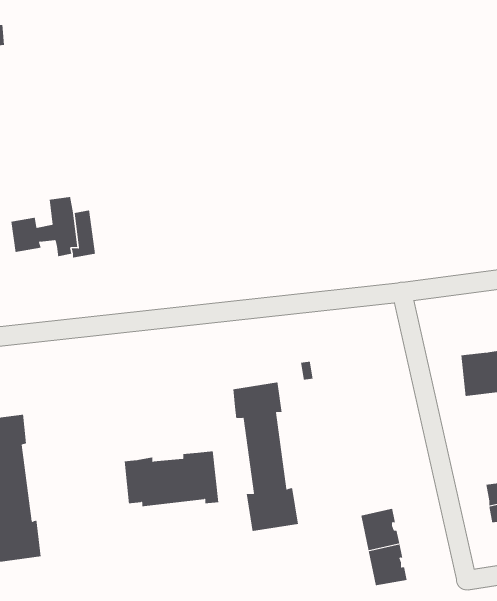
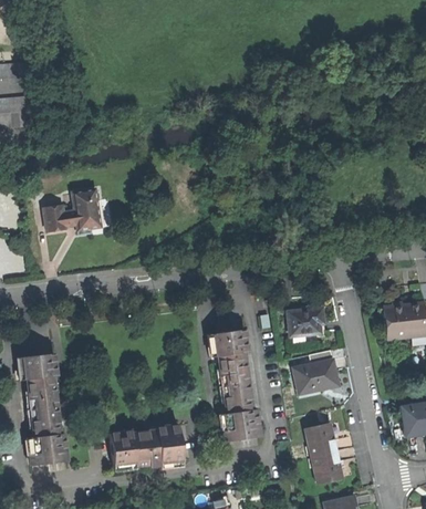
building: none -> [287,308,323,334]
building: none -> [293,359,340,393]
building: [124,451,219,507] -> [110,426,181,468]

